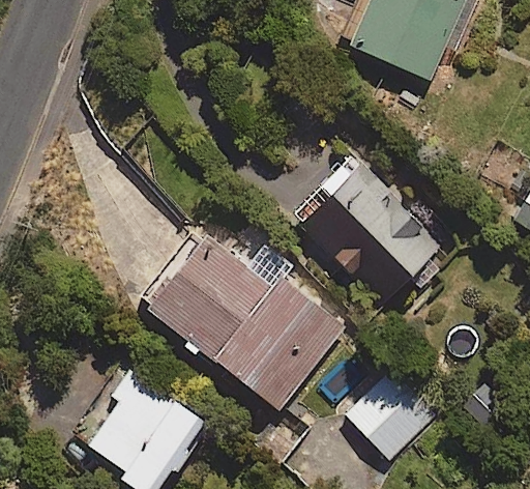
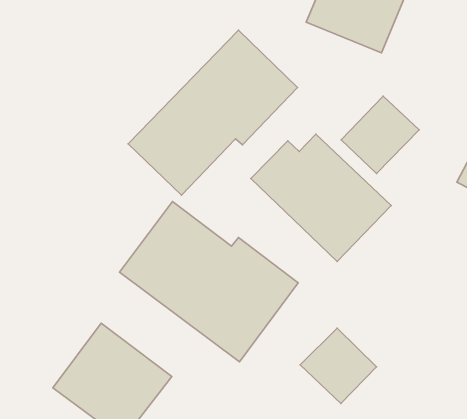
building: none -> [128,30,297,195]
building: none -> [341,96,419,173]

